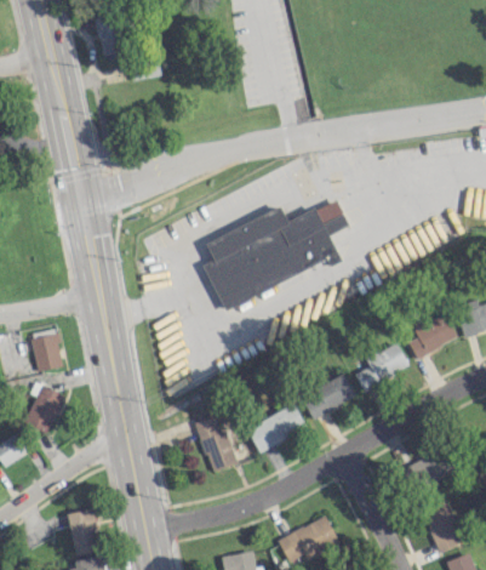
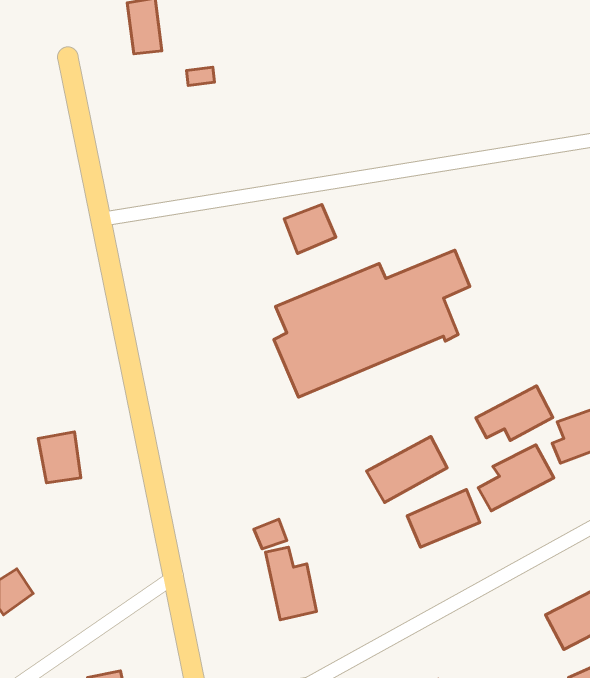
building: none -> [284,204,336,254]
building: none -> [476,386,553,440]
building: [24,380,65,432] -> none
building: [247,403,307,451] -> [367,436,447,502]

